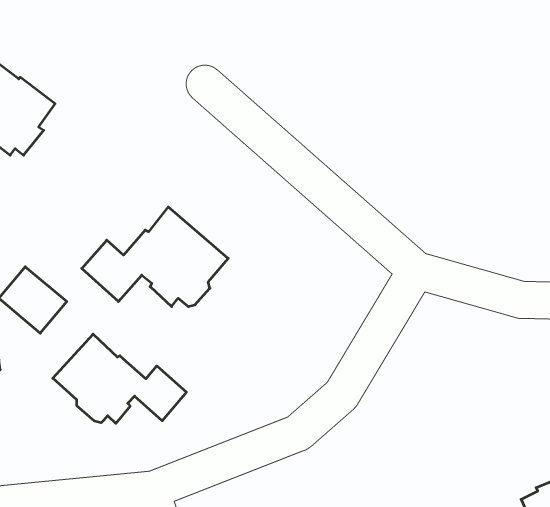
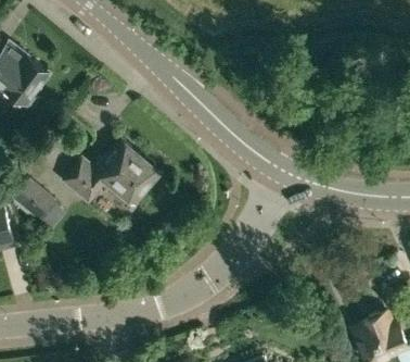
building: [53,334,186,423] -> none

